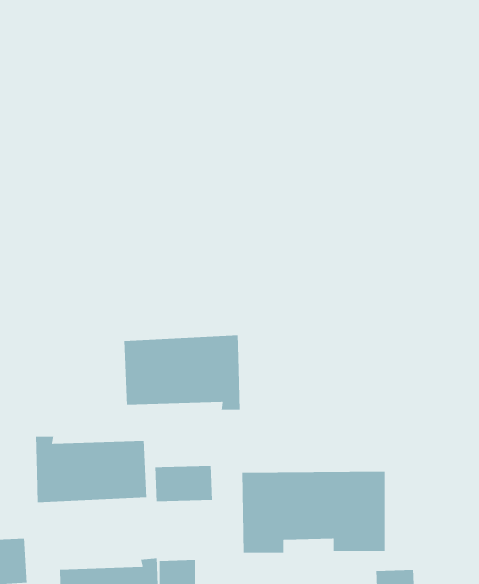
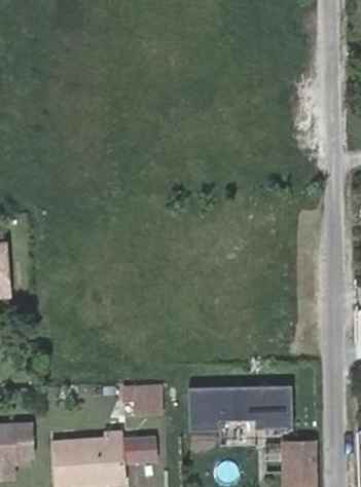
building: [123,334,241,411] -> none
building: [35,436,147,503] -> none

